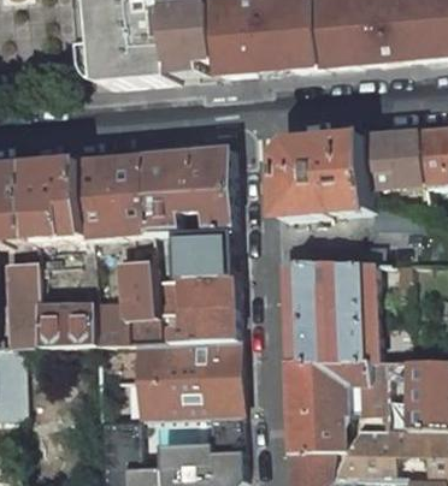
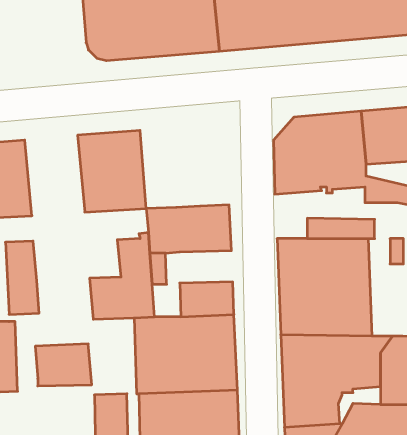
building: [141,147,230,232] -> none
building: [25,159,86,239] -> none
building: [176,274,234,307] -> none
building: [37,302,94,344] -> [35,344,92,386]

